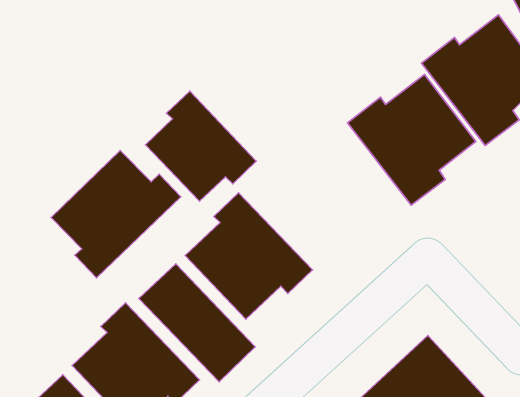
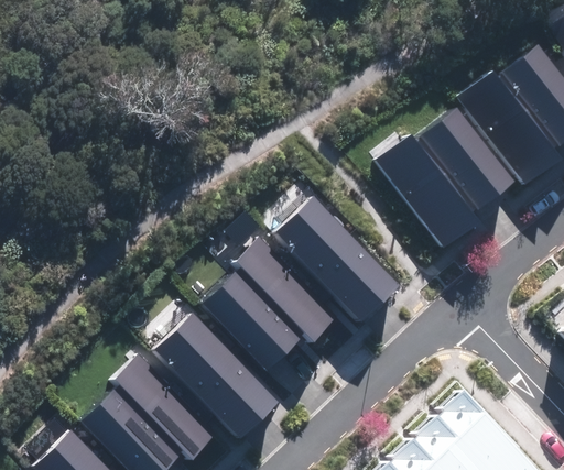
building: [146,91,256,201] -> none
building: [51,150,181,278] -> none
building: none -> [275,197,399,321]

